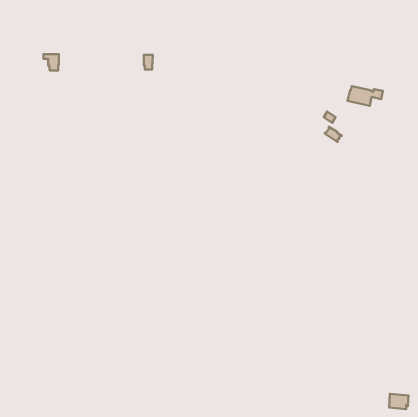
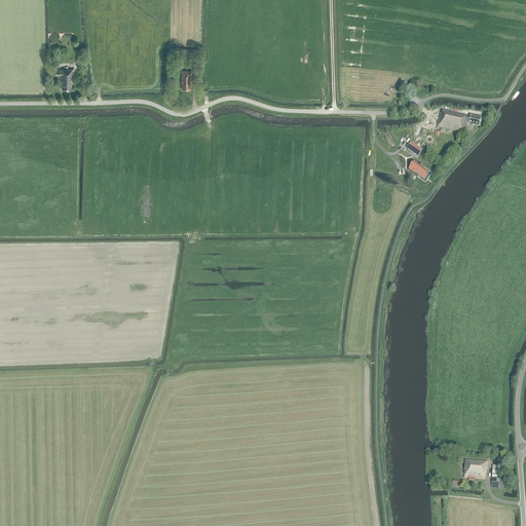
building: [389,394,409,409] -> [462,457,487,477]

